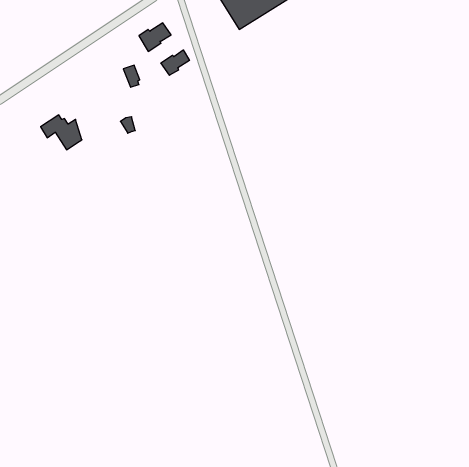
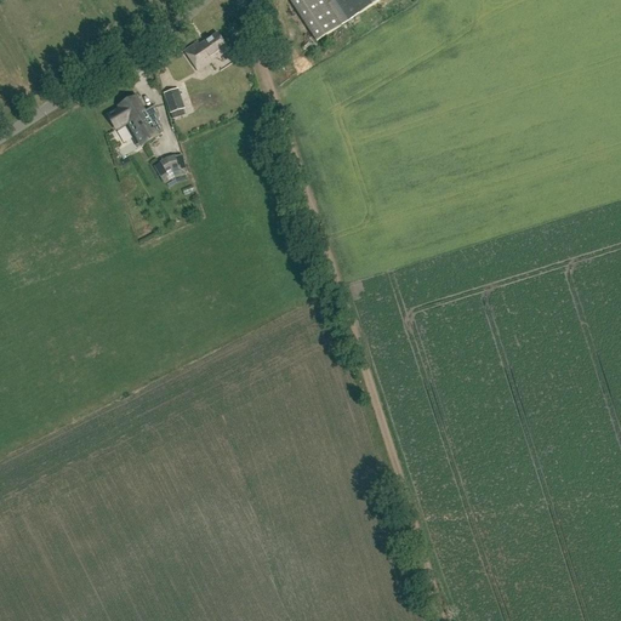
building: [161,50,189,75] -> none
building: [41,115,82,150] -> [107,95,161,141]

